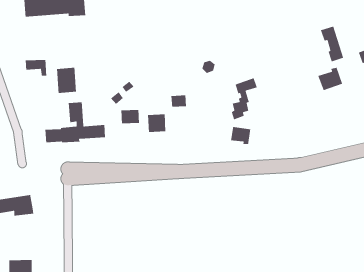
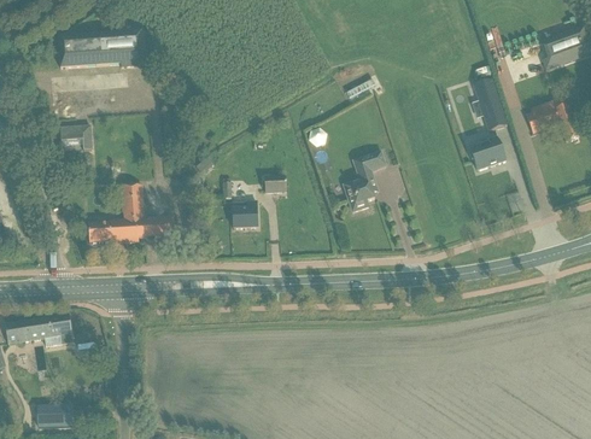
building: [56,67,77,94] -> none
building: [121,109,140,124] -> none
building: [230,126,251,145] -> none

